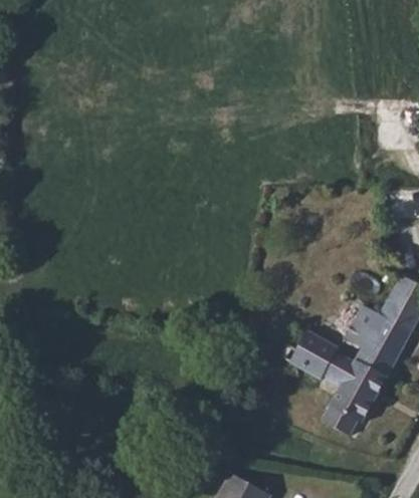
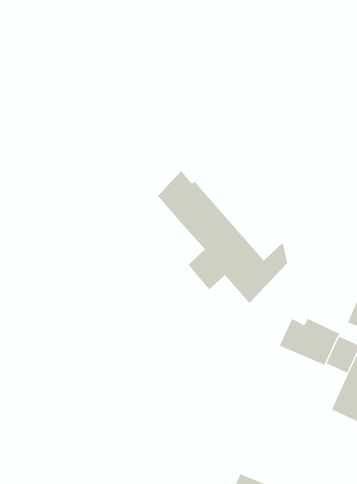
building: none -> [157,170,288,304]

